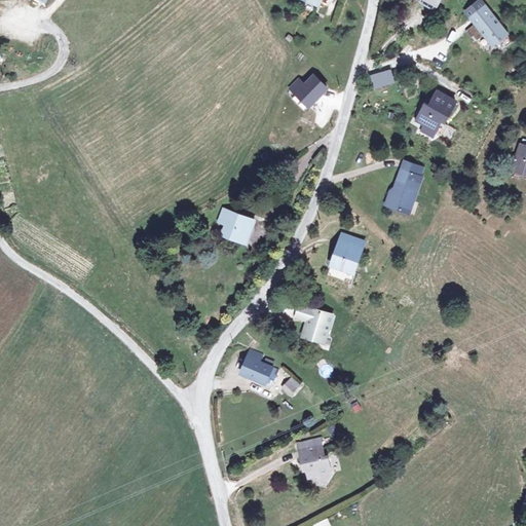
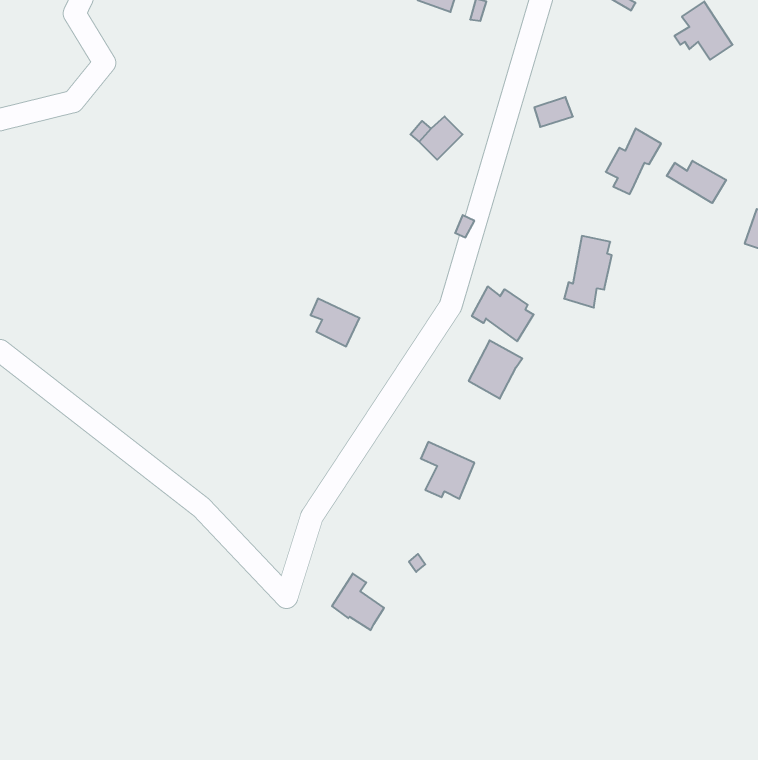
building: none -> [667,161,726,203]
building: none -> [472,286,534,341]
building: [238,348,274,387] -> [332,573,384,630]
building: [295,442,329,478] -> none

